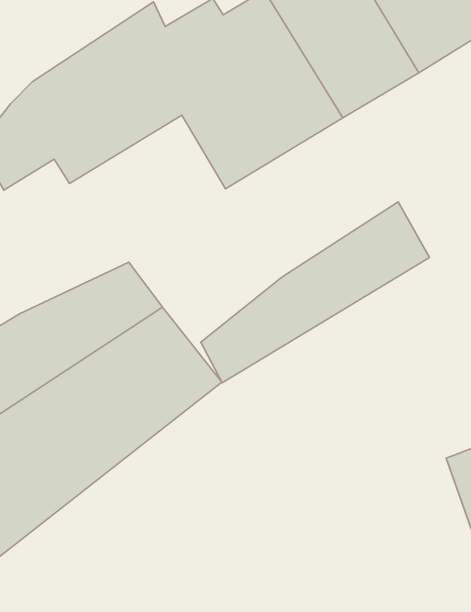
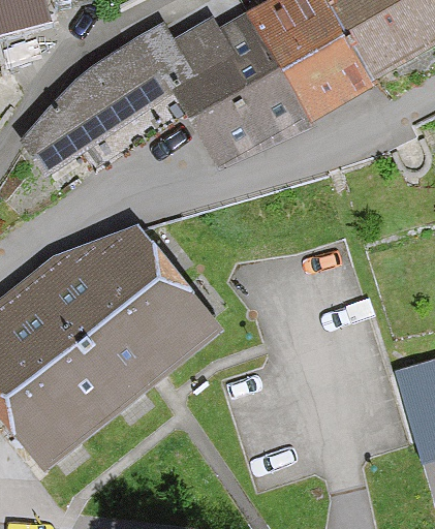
building: [201,202,430,383] -> none

